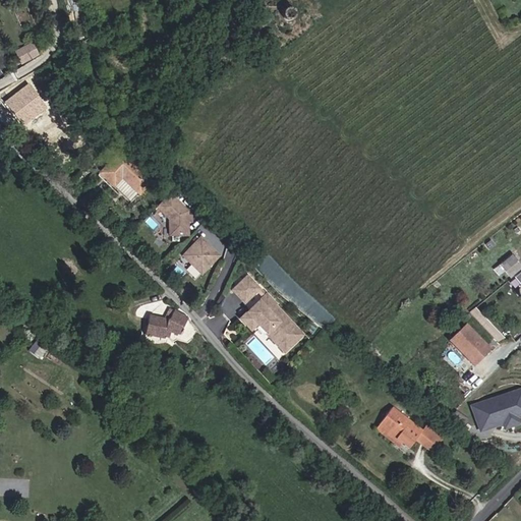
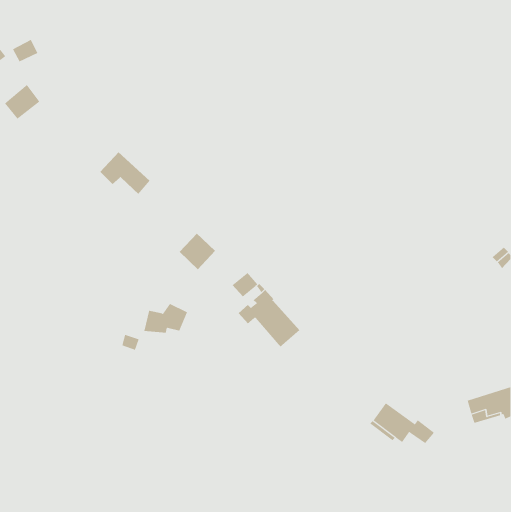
building: [157,193,191,237] -> none
building: [447,324,489,366] -> none

